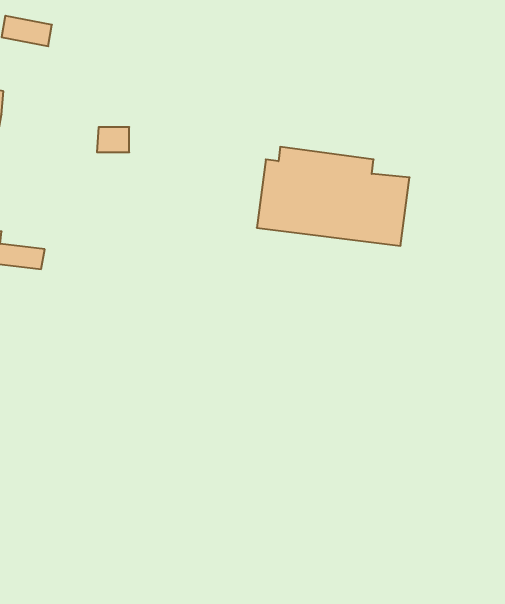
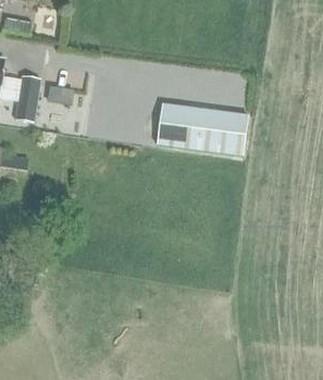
building: none -> [14,75,40,123]

